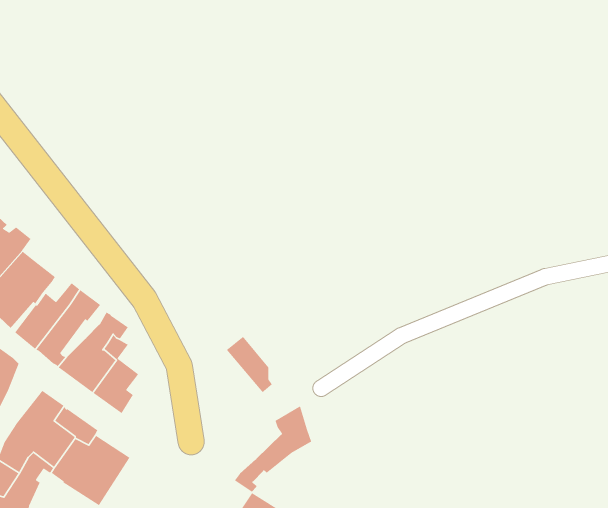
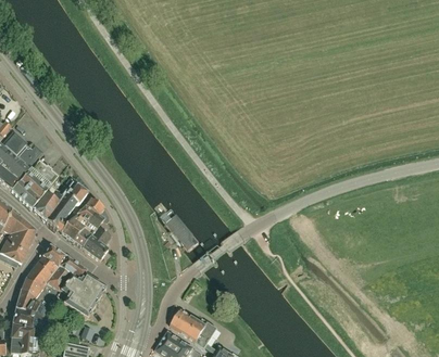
building: [234,405,312,492] -> none

